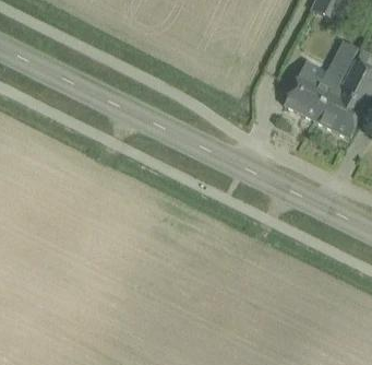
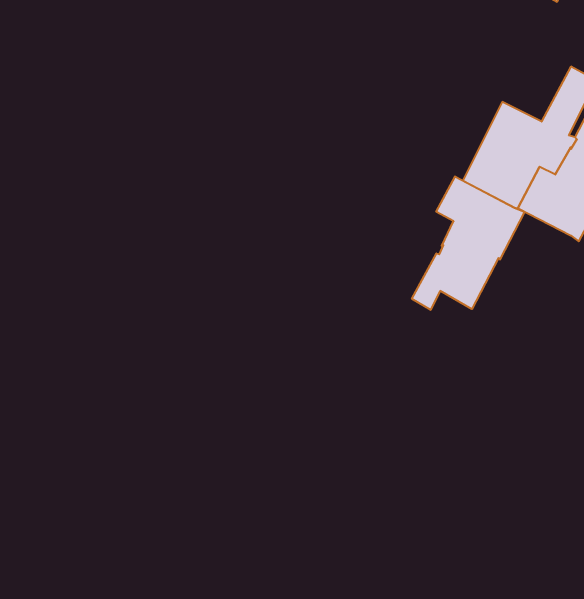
building: none -> [412,176,525,310]

